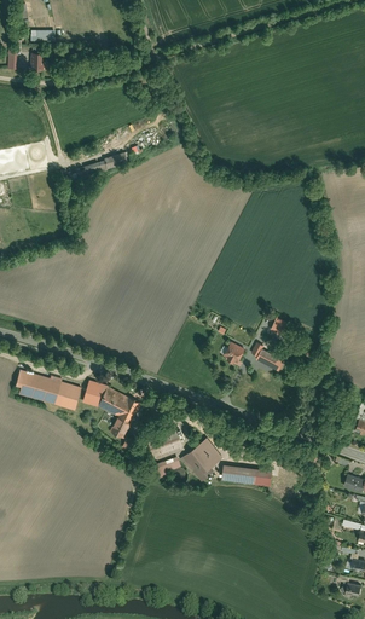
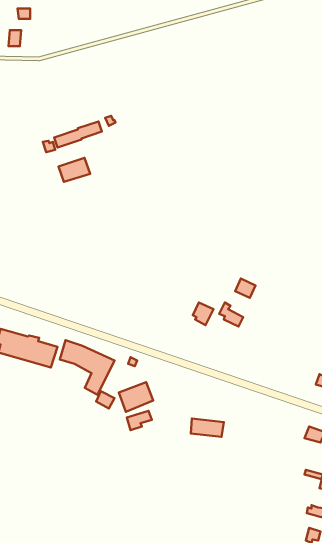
building: none -> [59,158,90,182]
building: [181,438,224,482] -> none

